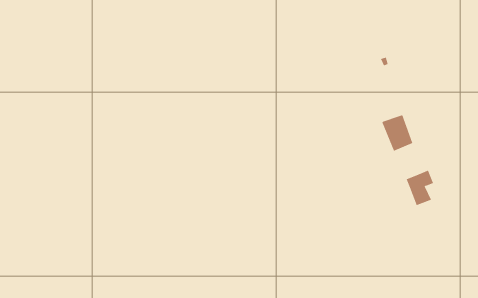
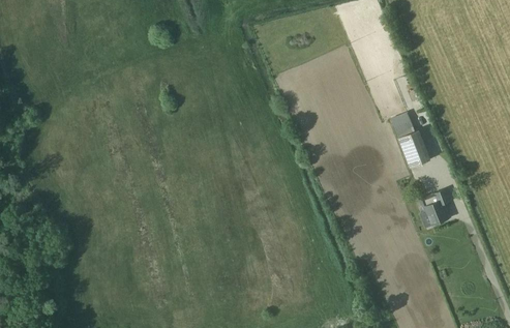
building: none -> [389,111,415,139]

